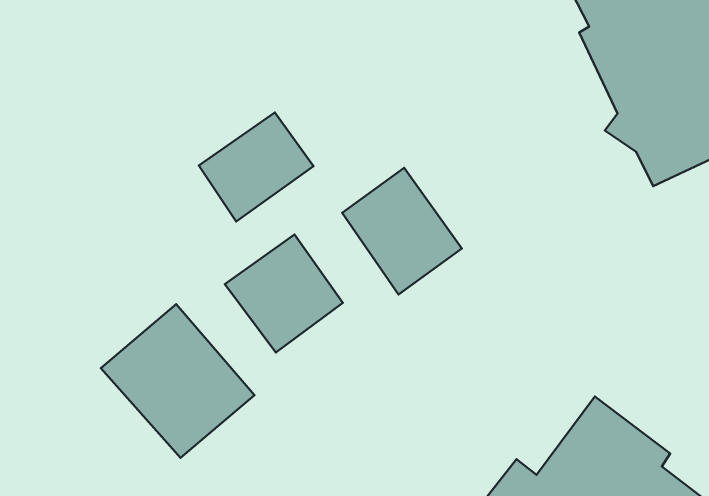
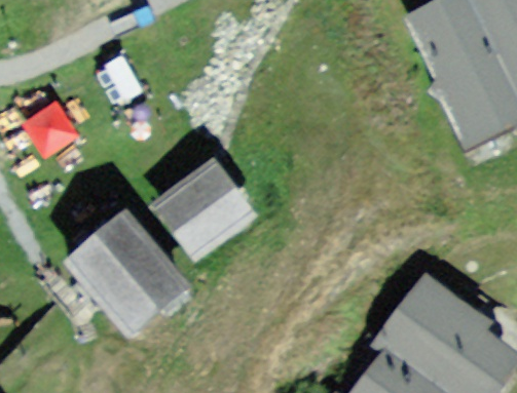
building: [199,113,313,221] -> none
building: [342,168,462,294] -> none

